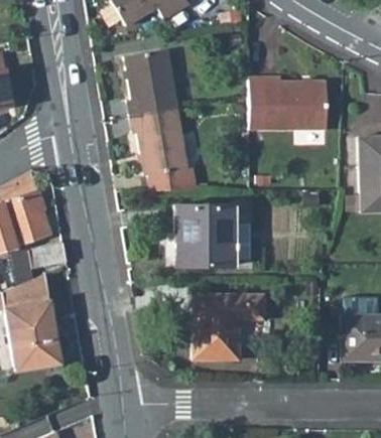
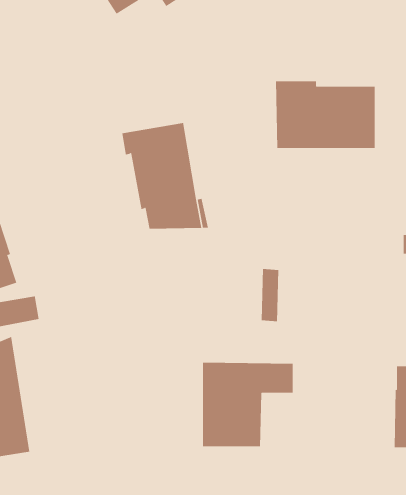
building: [124,50,178,118] -> none
building: [173,205,234,267] -> none

